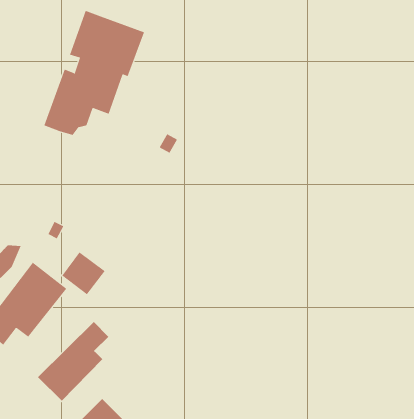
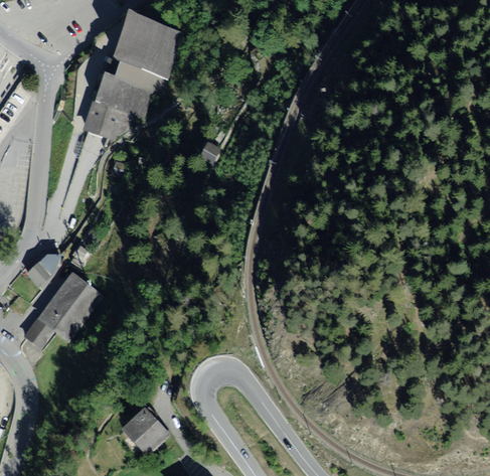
building: [62,251,106,295] -> none
building: [37,321,109,402] -> none

